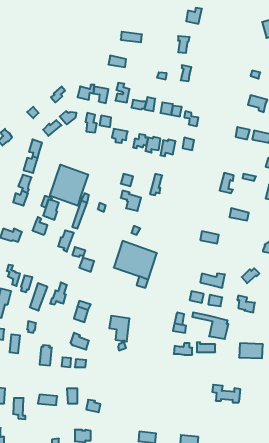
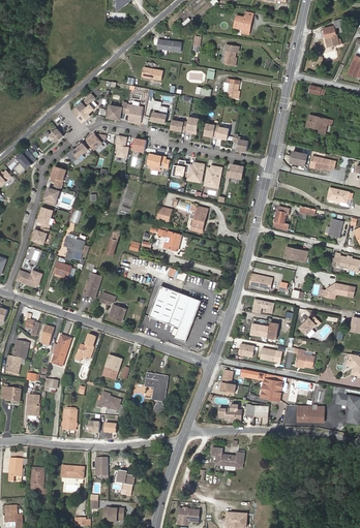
building: [50,165,88,206] -> none
building: [212,385,240,402] -> [211,447,244,468]

